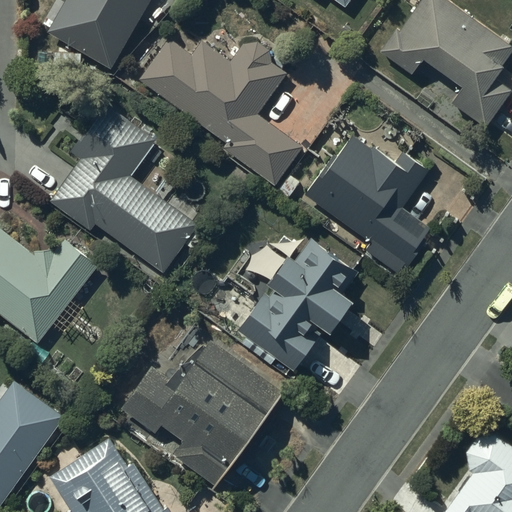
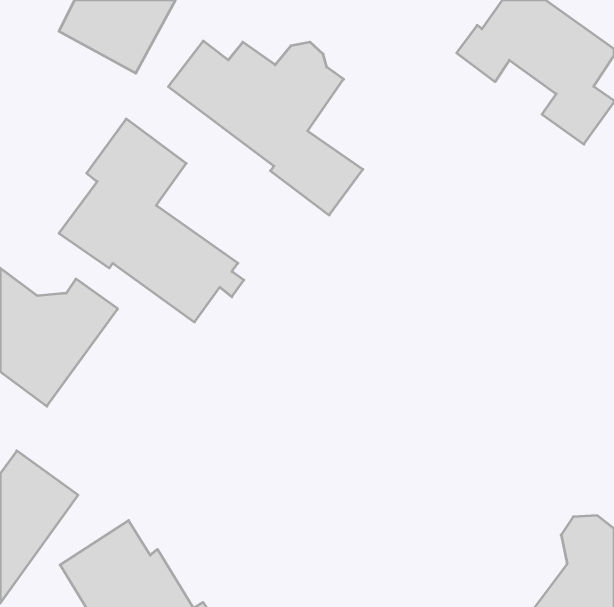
building: [304,130,431,273] -> none
building: [239,238,357,369] -> none
building: [121,335,285,486] -> none

